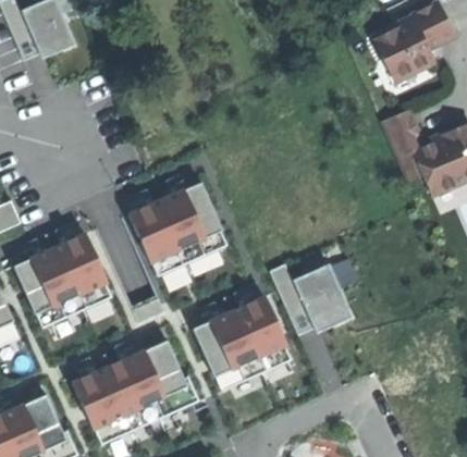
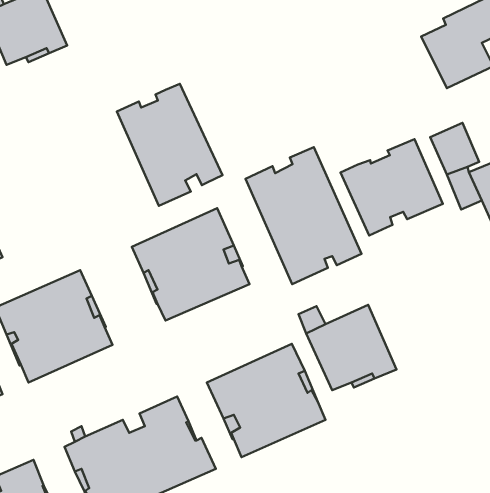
building: none -> [117,84,222,206]
building: none -> [341,139,443,236]
building: none -> [245,147,362,284]

